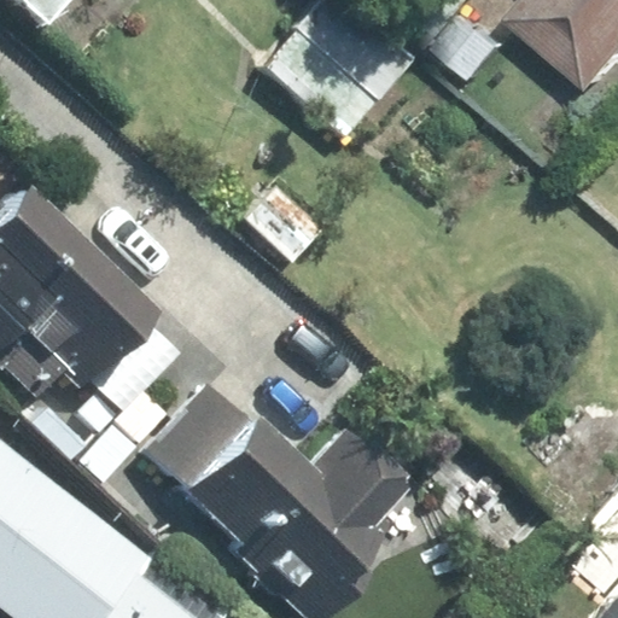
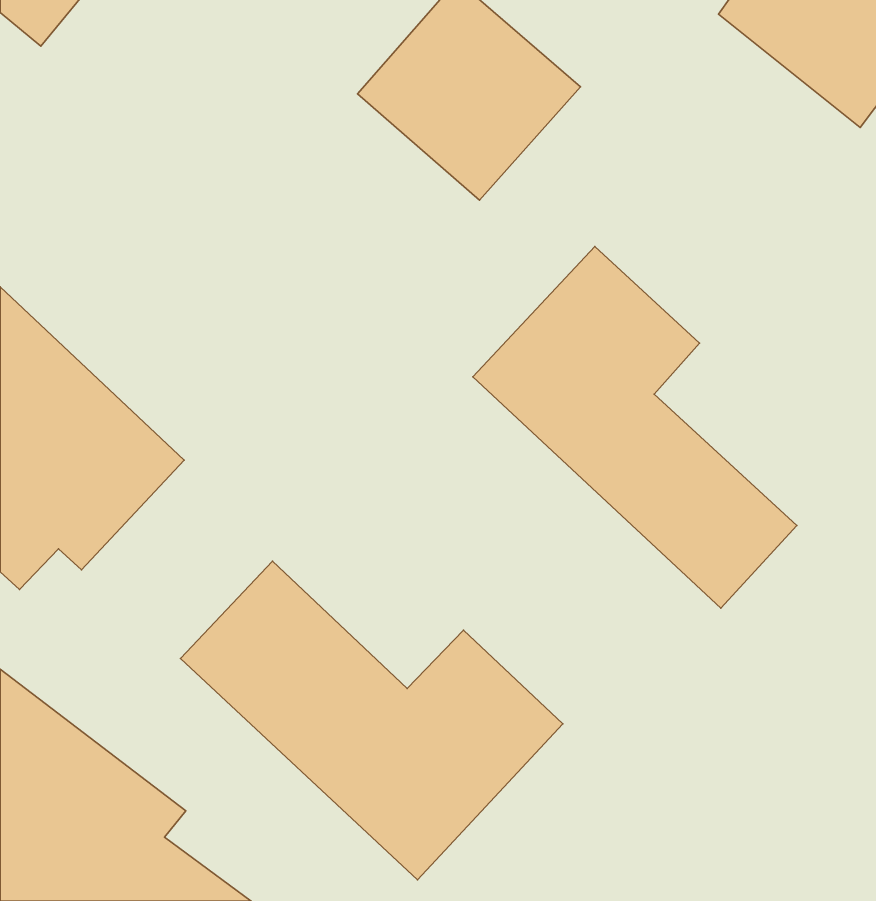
building: none -> [473,246,797,608]

